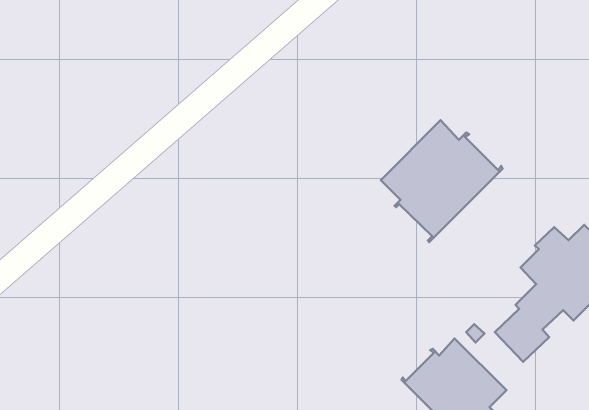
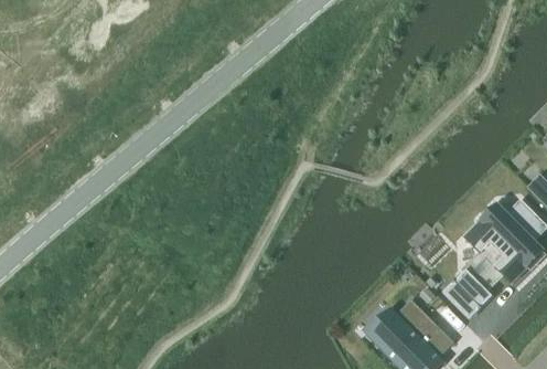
building: [381,120,503,242] -> none

